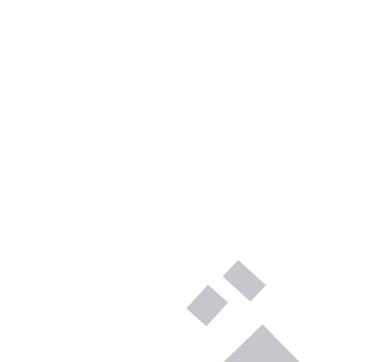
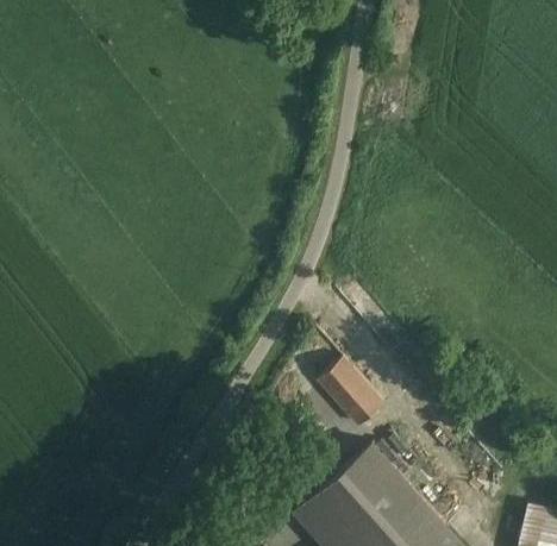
building: [185,284,229,327] -> none

